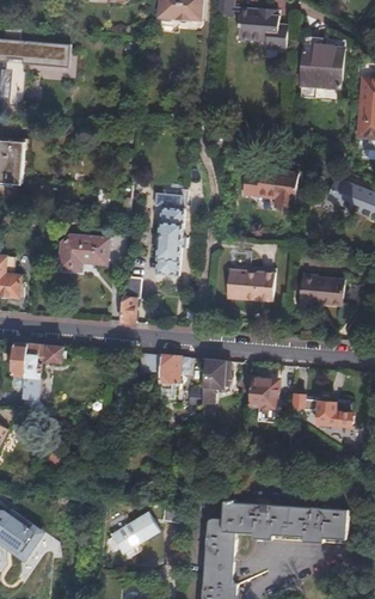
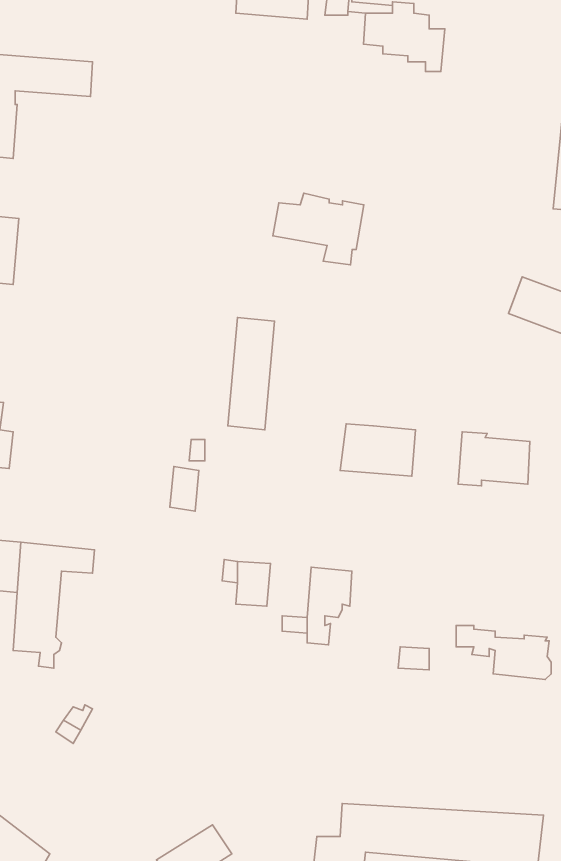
building: [300,36,344,97] -> none
building: [240,166,296,210] -> [273,193,364,265]
building: [60,236,109,270] -> none
building: [252,372,275,399] -> none

